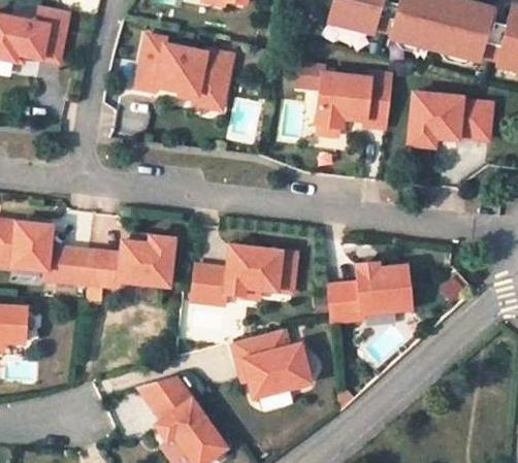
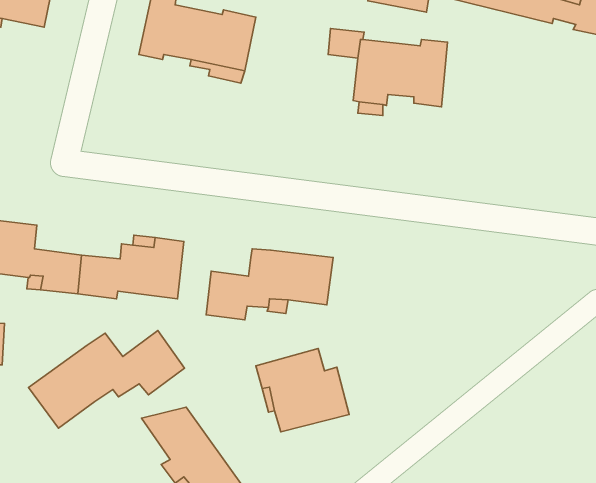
building: [409,93,492,146] -> none
building: [327,263,411,322] -> none
building: none -> [28,331,185,428]

